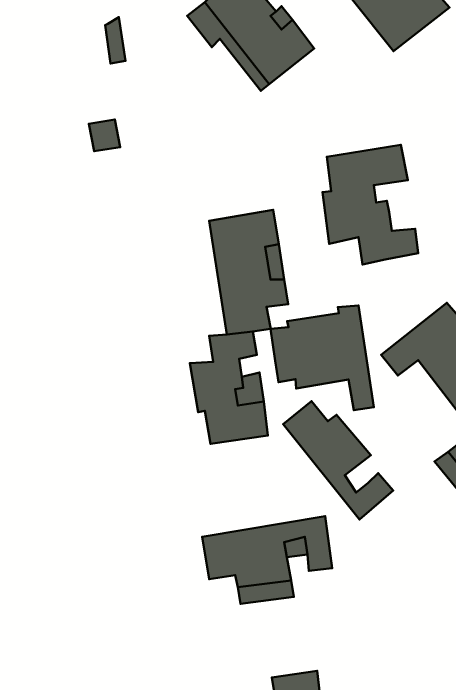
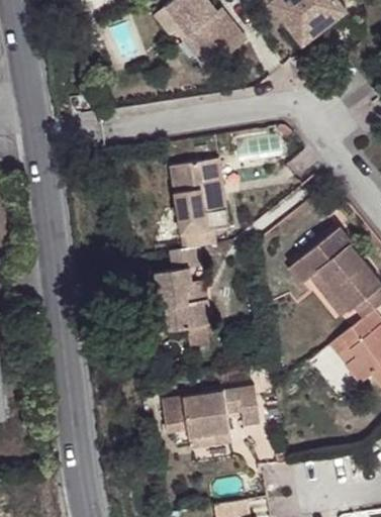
building: [322,145,418,264] -> none
building: [271,306,374,410] -> none
building: [283,401,393,520] -> none

